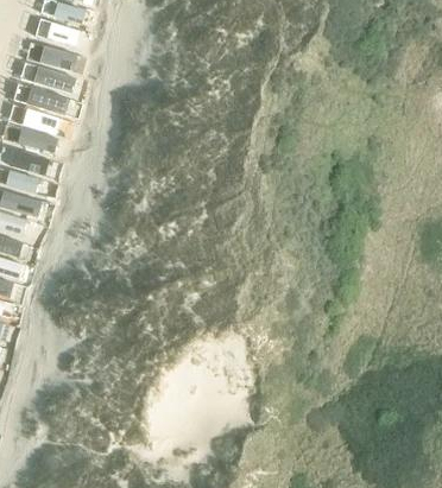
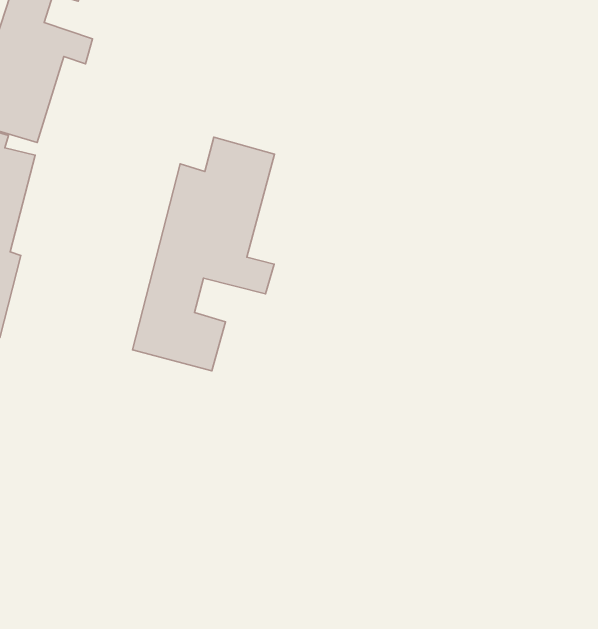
building: none -> [133,137,275,371]

